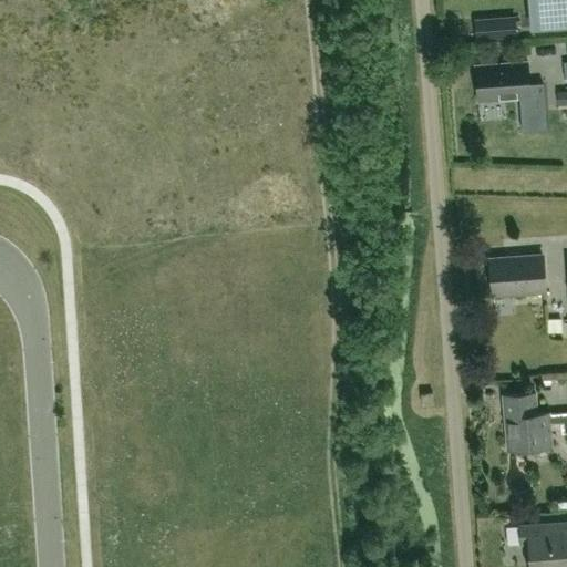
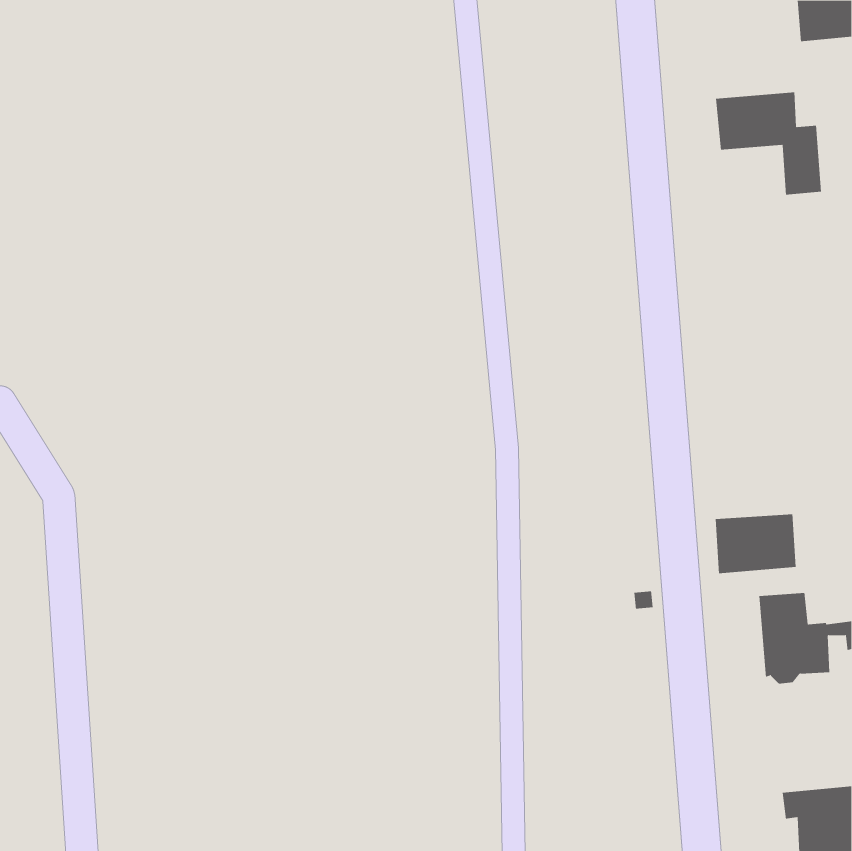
building: [476,18,516,39] -> none
building: [491,256,545,296] -> [715,514,797,574]

